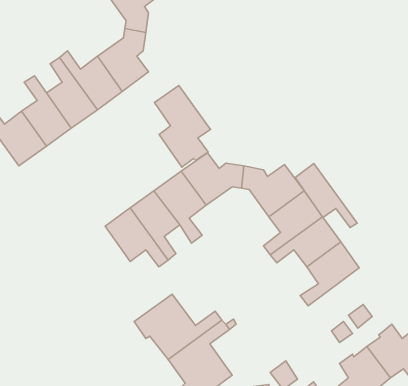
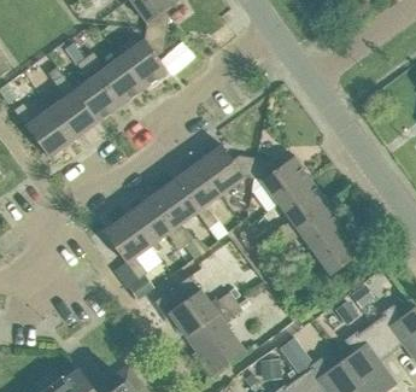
building: [155,86,210,167] -> none
building: [295,164,357,227] -> none
building: none -> [102,212,153,299]

